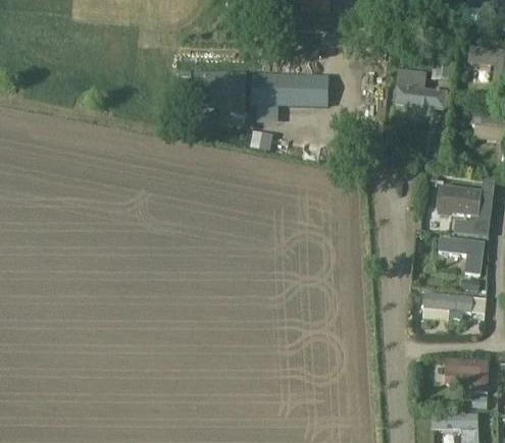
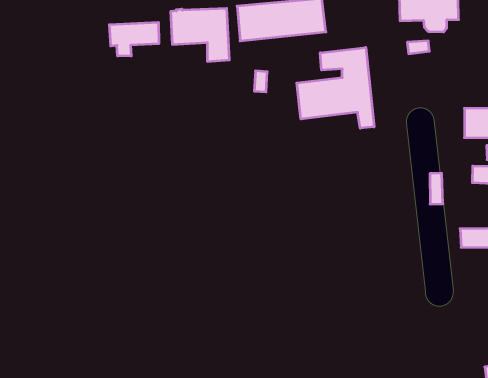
building: none -> [109,22,159,56]
building: none -> [297,47,374,128]

